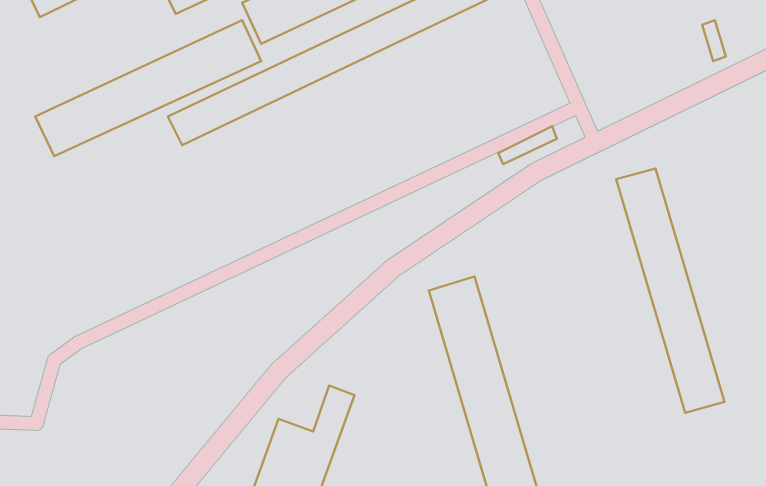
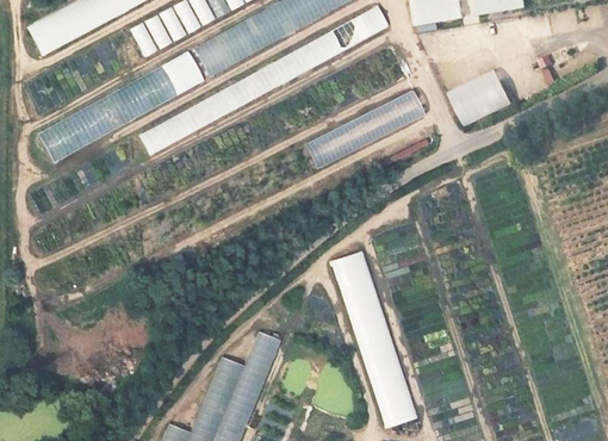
building: none -> [448,69,513,126]
building: none -> [302,92,424,168]
building: [616,168,724,413] -> none

